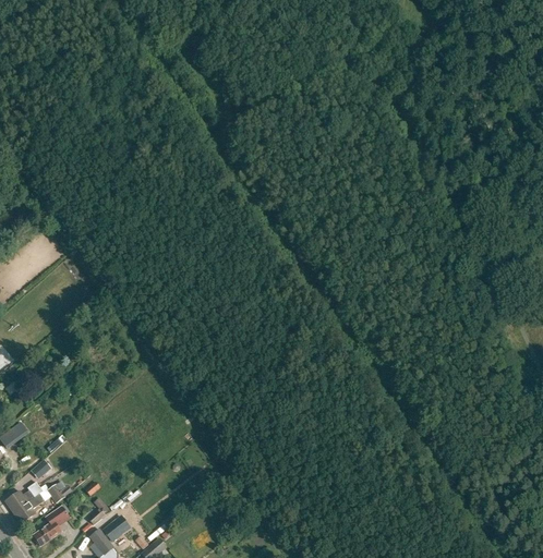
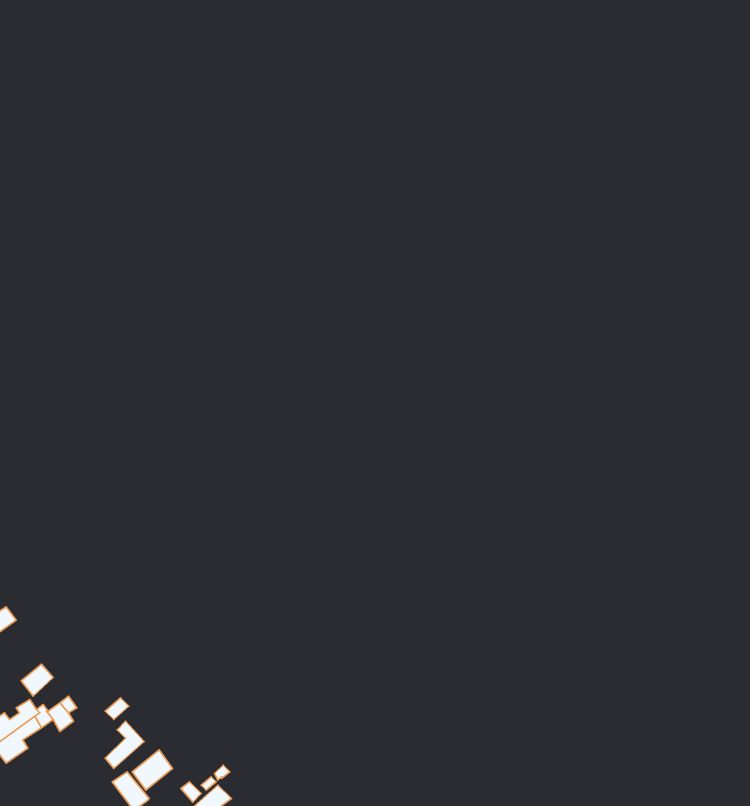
building: [33,506,69,545] -> none

